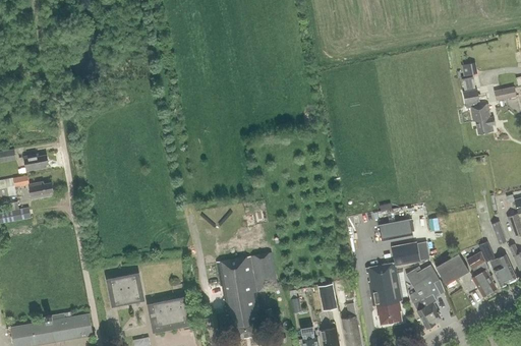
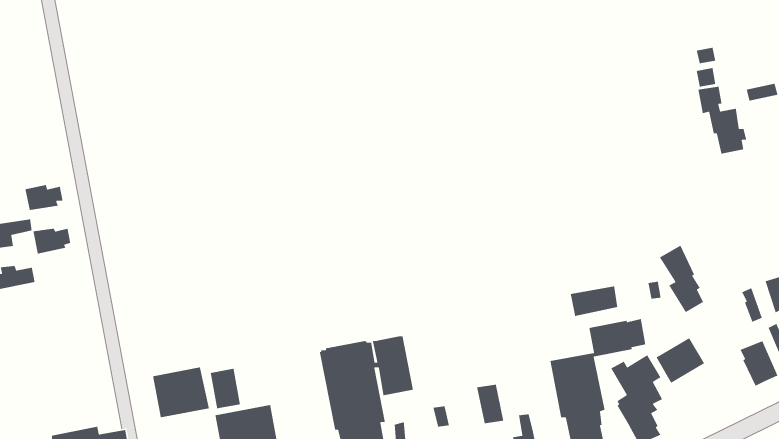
building: [466,251,496,296] -> [659,245,704,313]
building: none -> [210,368,241,409]

